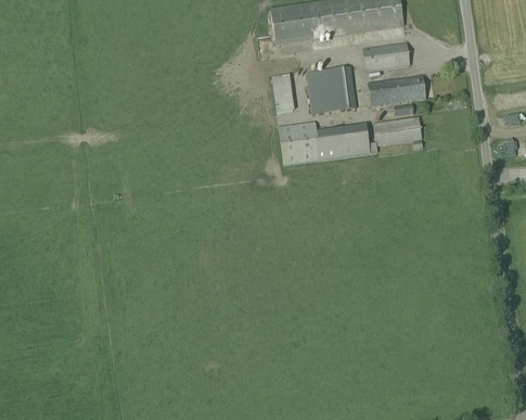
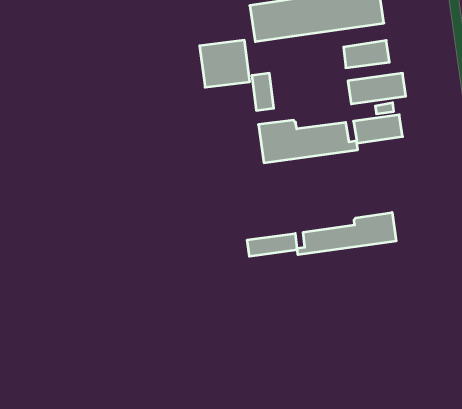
building: [306,66,356,113] -> [200,40,250,87]
building: none -> [247,212,396,256]

